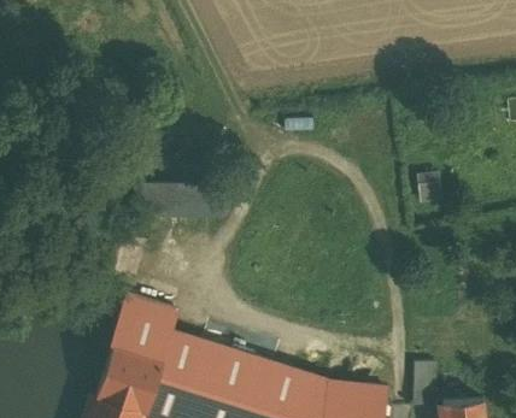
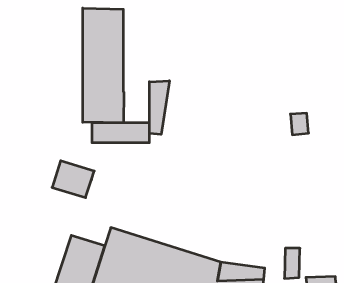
building: none -> [83,8,124,123]
building: none -> [149,81,169,134]
building: [112,305,171,357] -> [52,161,94,198]

